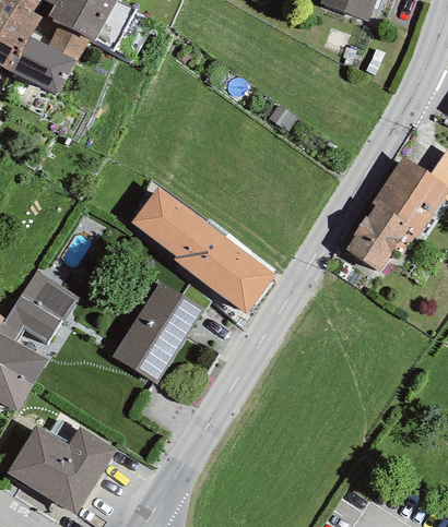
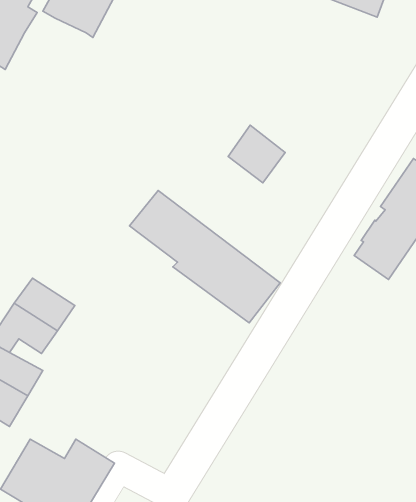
building: [12,22,90,95] -> none
building: none -> [228,125,285,183]
building: [113,282,204,384] -> none

